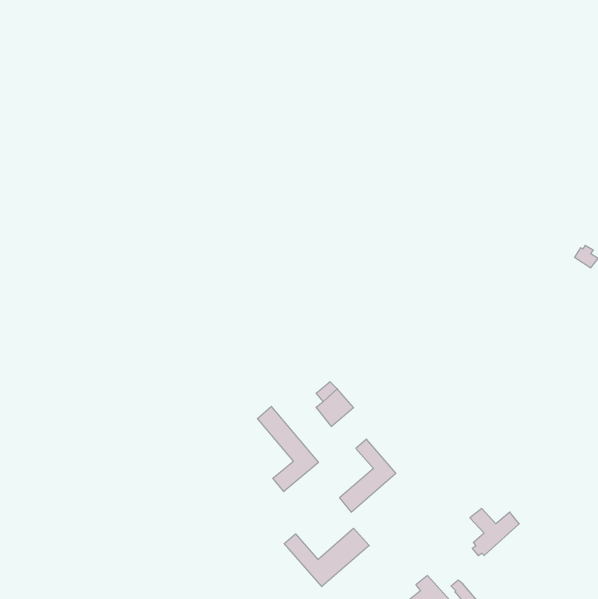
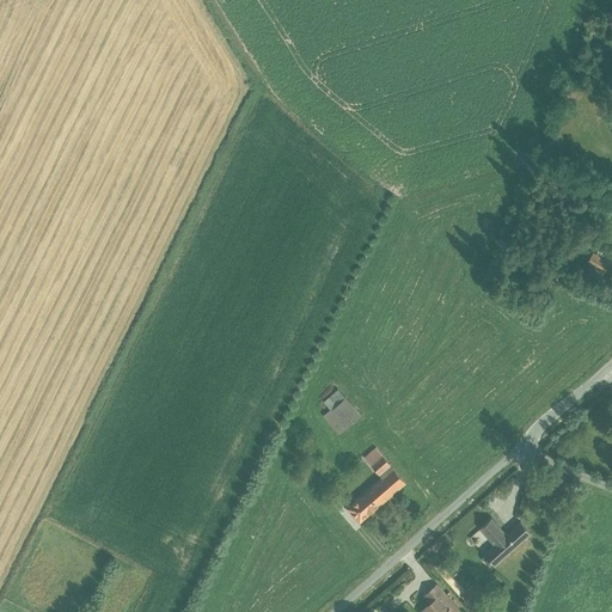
building: [257,406,318,492] -> none
building: [284,528,369,587] -> none

